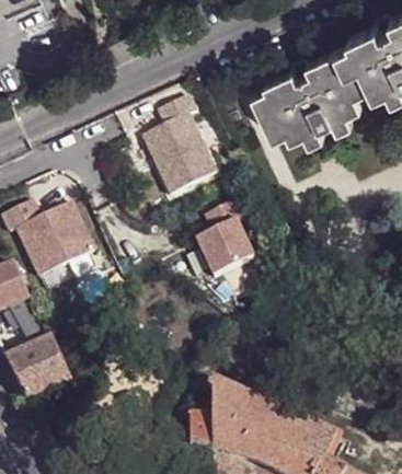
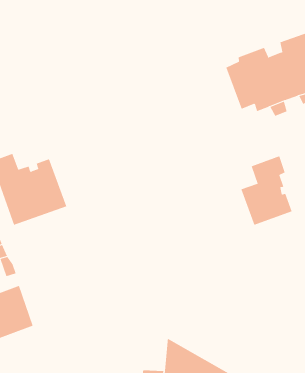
building: [142,99,216,197] -> none
building: [195,201,252,278] -> [241,155,292,226]

